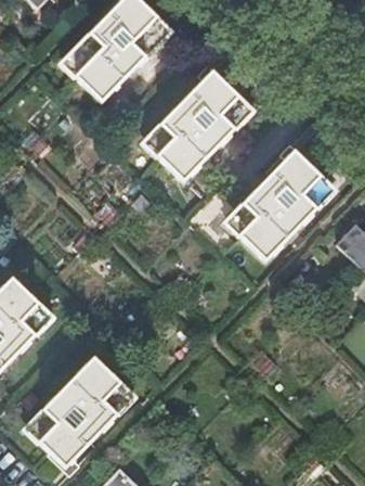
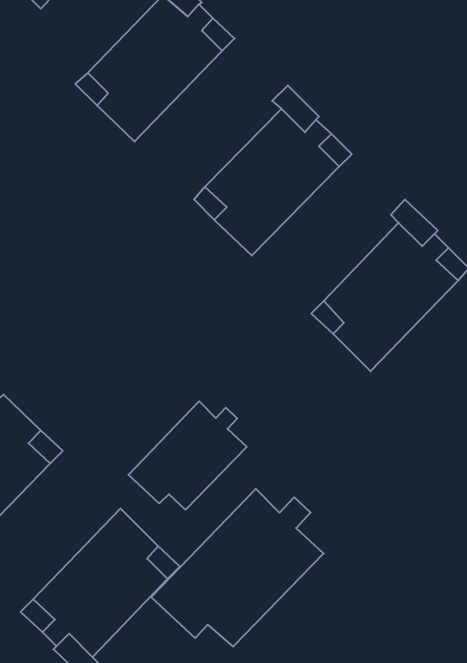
building: none -> [128,401,247,510]
building: none -> [151,489,324,647]

